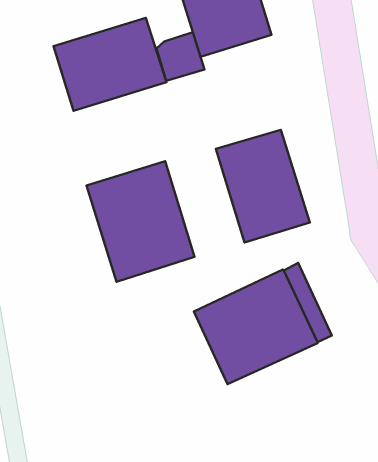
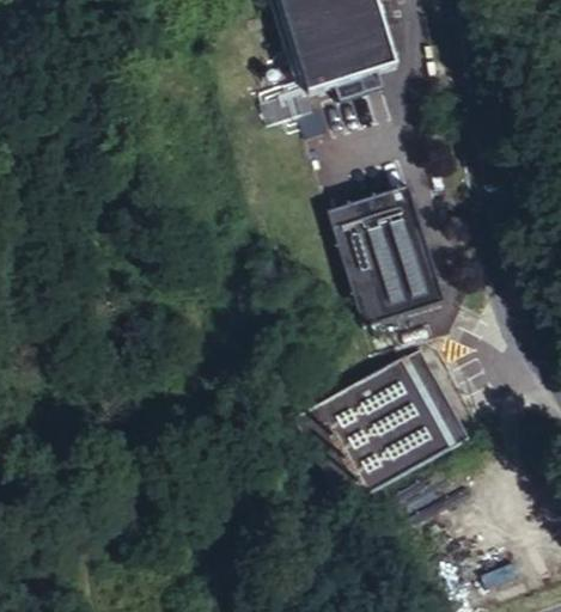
building: [54,18,167,111] -> none
building: [87,161,195,282] -> none

